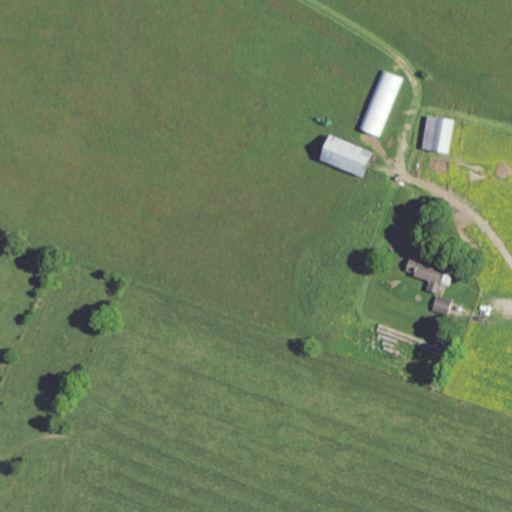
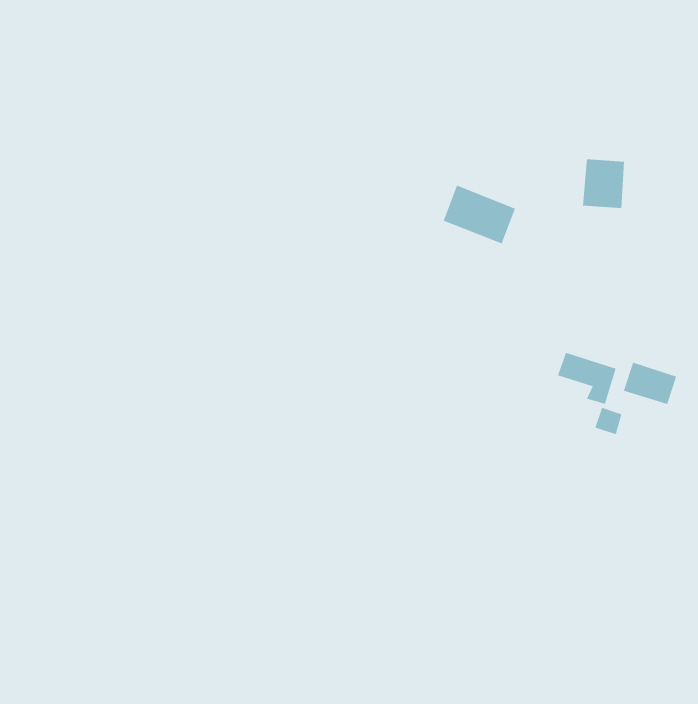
building: [359,70,401,136] -> none
building: none -> [623,362,677,405]

